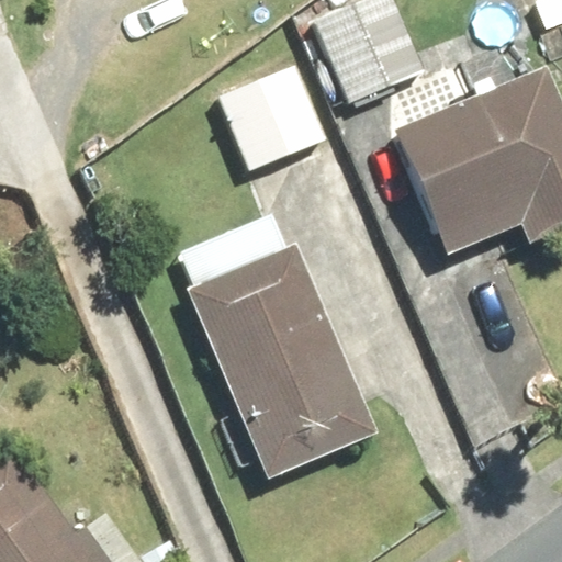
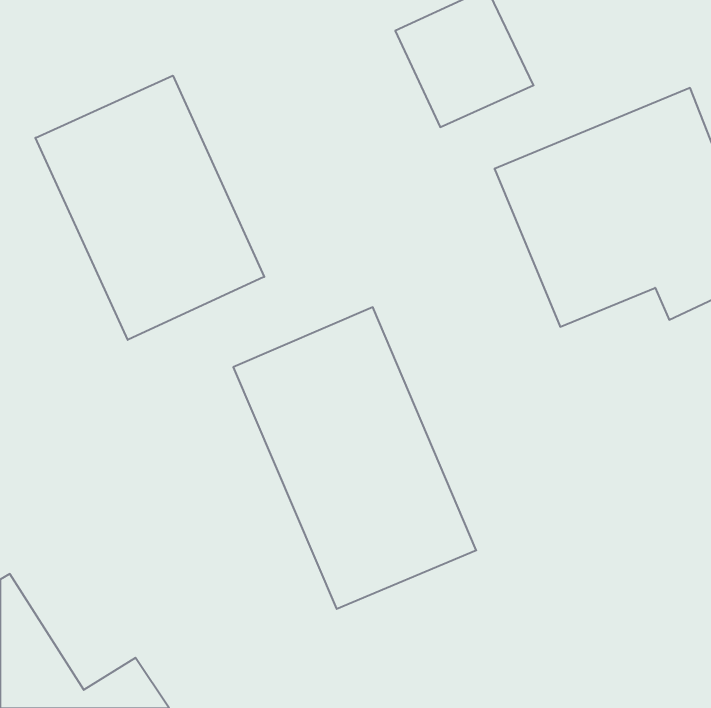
building: none -> [35,76,264,340]
building: [222,60,329,170] -> none

